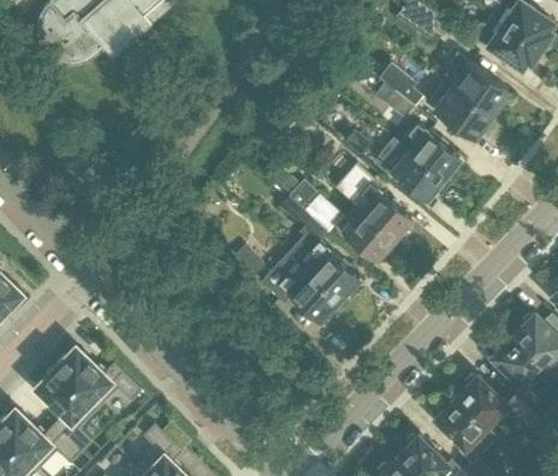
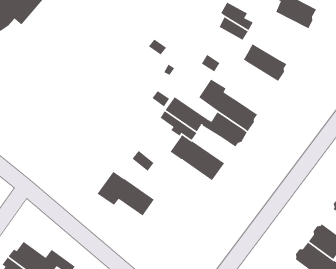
building: [429,88,495,138] -> none
building: [375,141,446,201] -> none
building: [262,256,339,322] -> [96,171,155,216]

